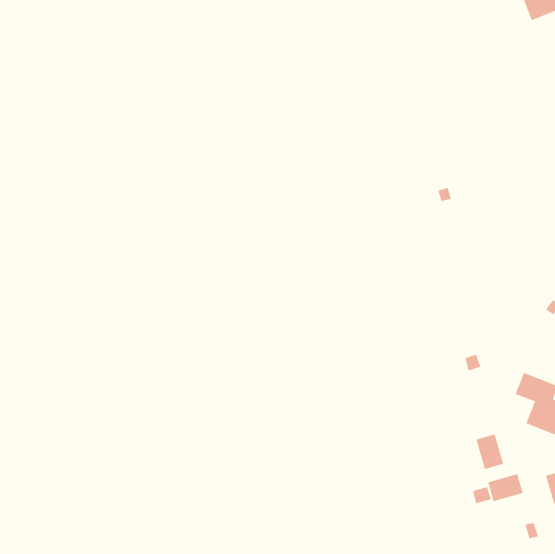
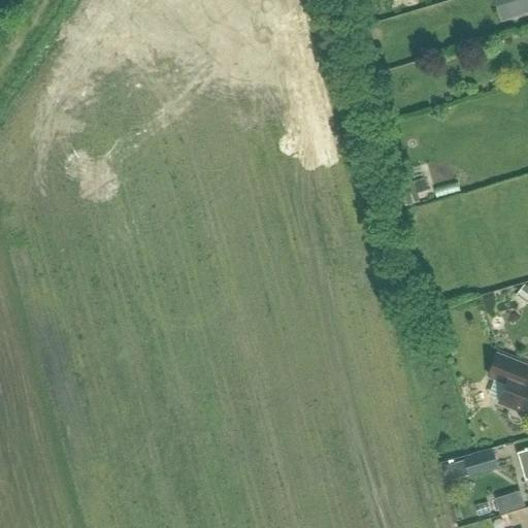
building: [476,433,504,470] -> none

